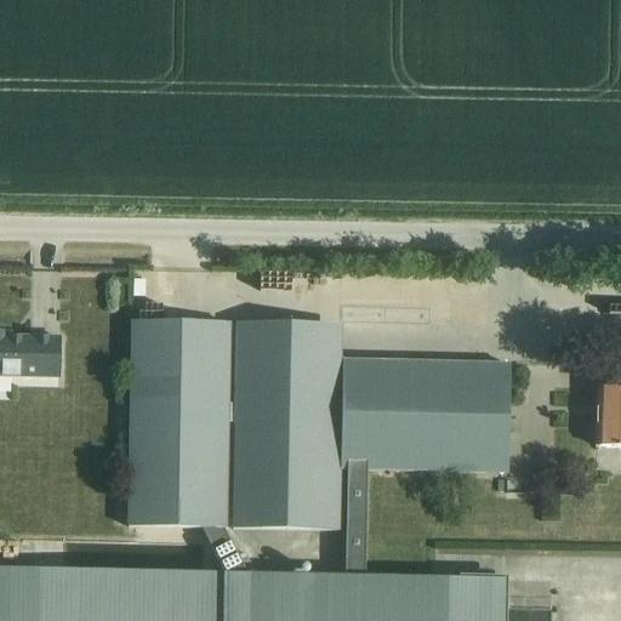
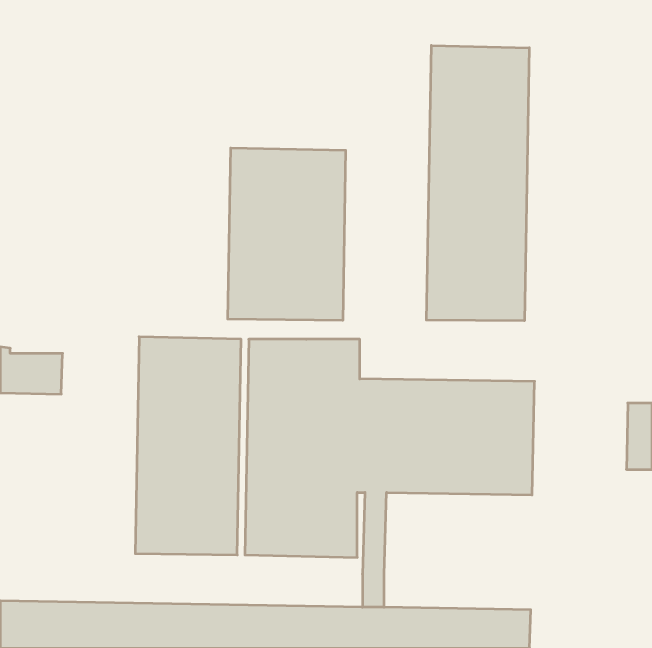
building: none -> [426,45,529,321]
building: none -> [228,148,346,320]

